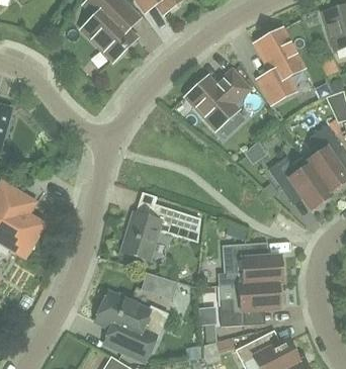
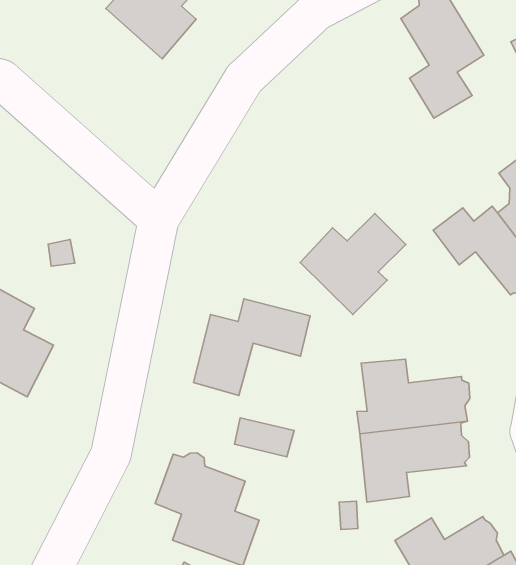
building: [187,69,250,127] -> [300,214,406,315]

